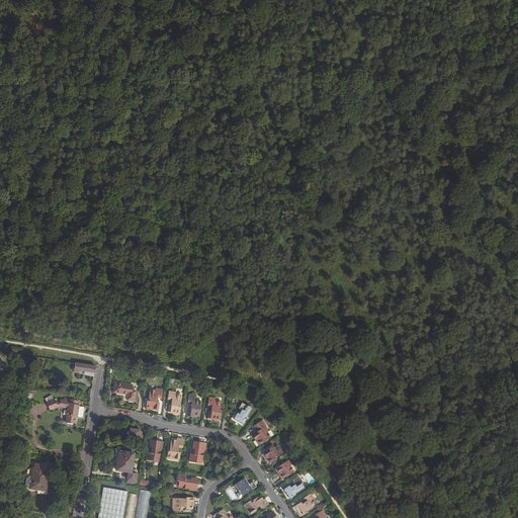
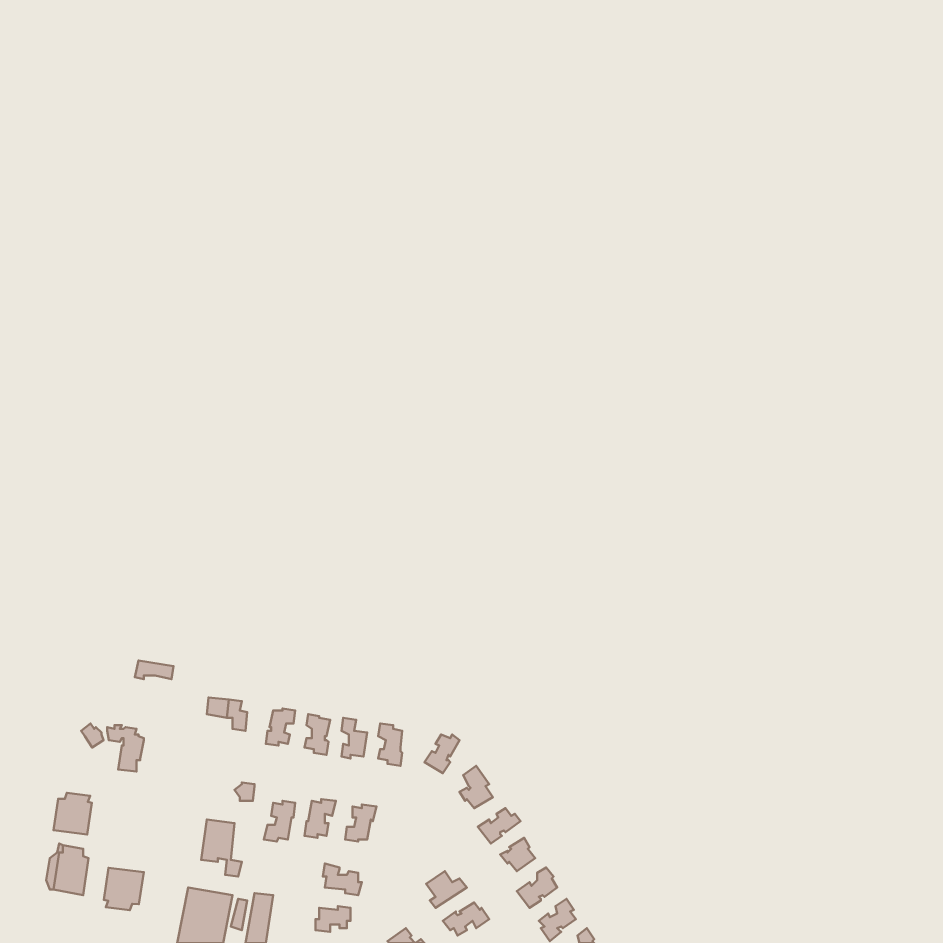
building: none -> [54,793,92,834]
building: none -> [104,868,144,910]

